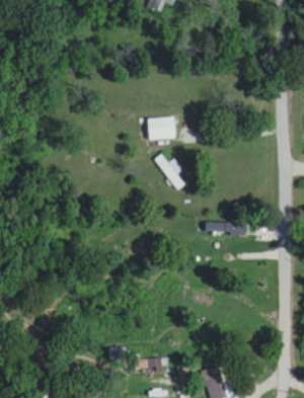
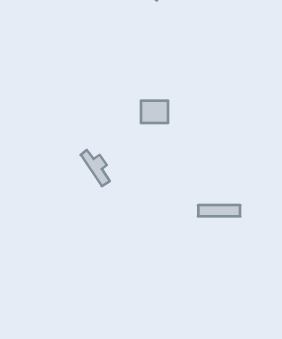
building: [155,153,184,189] -> [81,150,110,186]

